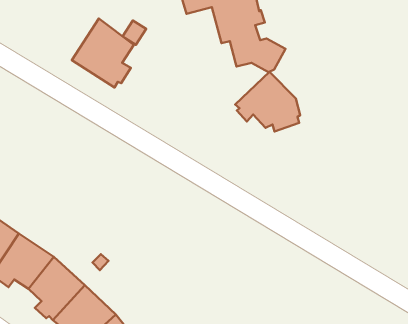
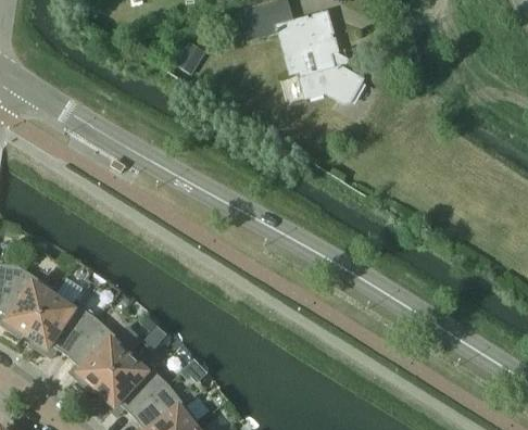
building: [72,19,134,87] -> none
building: [235,72,300,131] -> none

